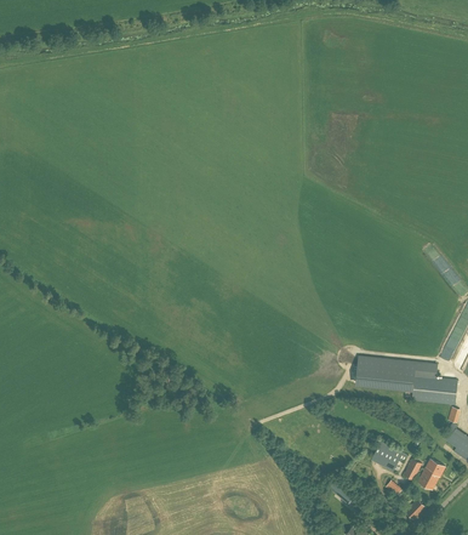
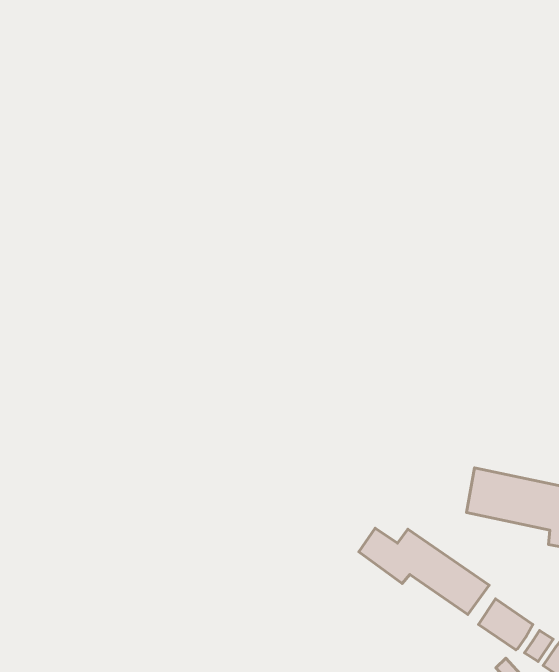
building: none -> [359,528,489,614]

